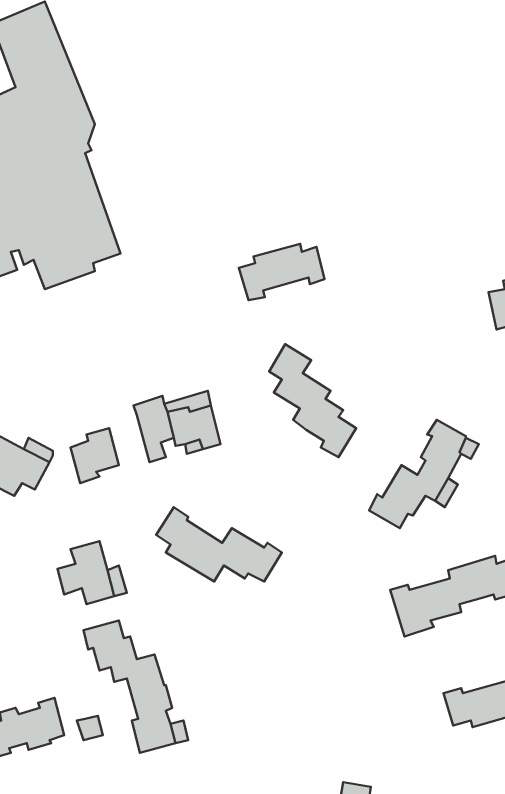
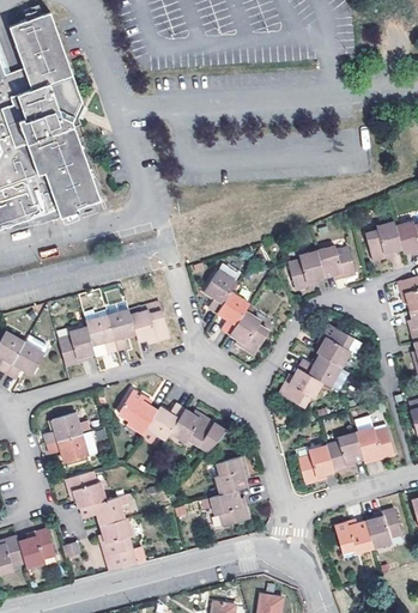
building: [239,244,324,300] -> [289,243,352,285]
building: none -> [86,320,117,360]
building: none -> [204,456,250,524]

